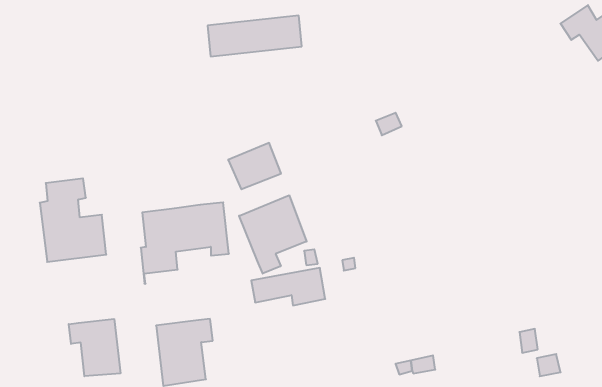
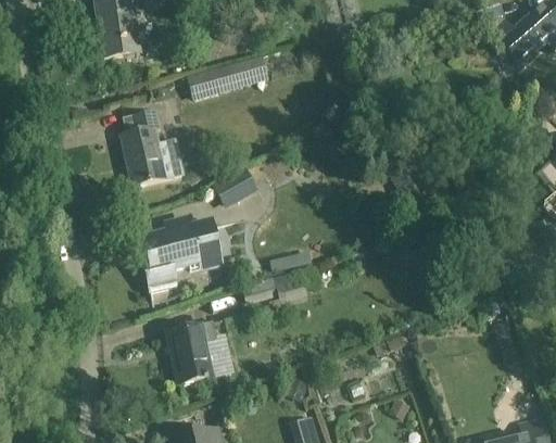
building: [40,178,106,262] -> [123,110,185,185]
building: [239,195,307,274] -> none
building: [69,319,120,376] -> none

